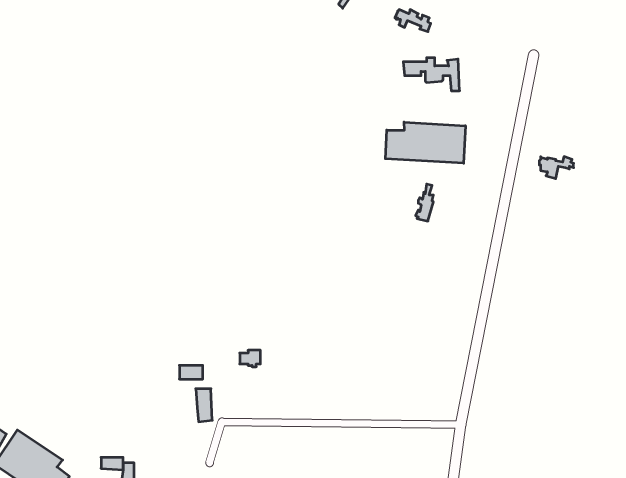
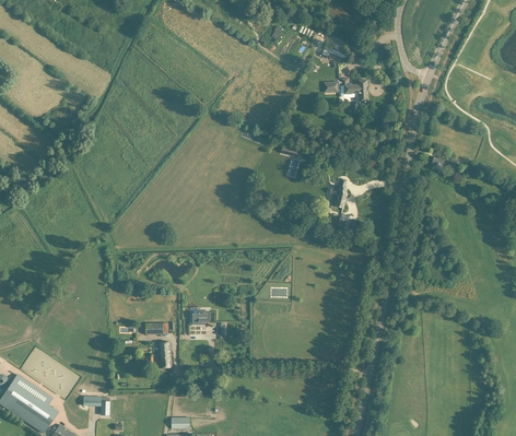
building: [385,122,465,163] -> none

